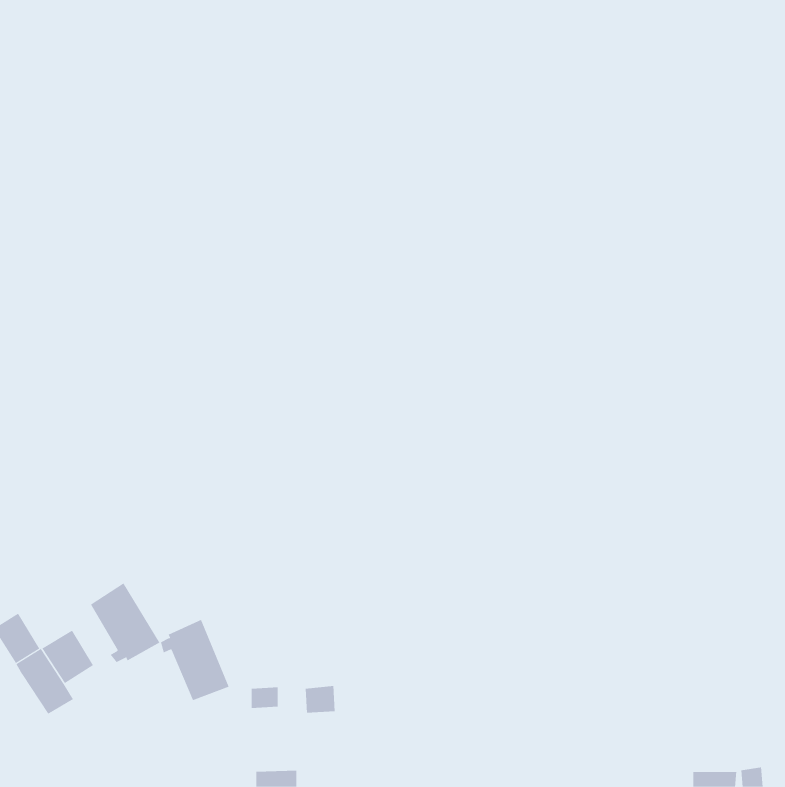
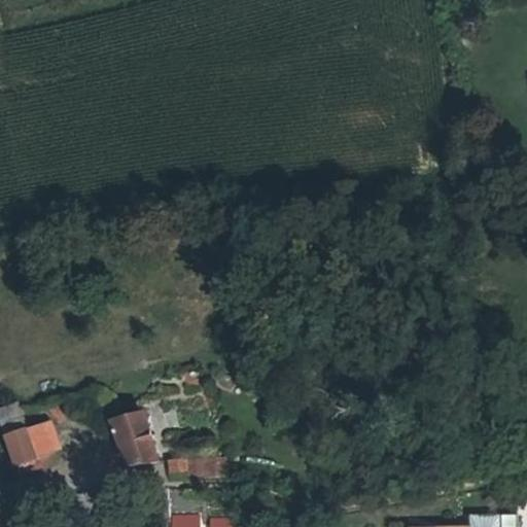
building: [90,583,160,663] -> none

